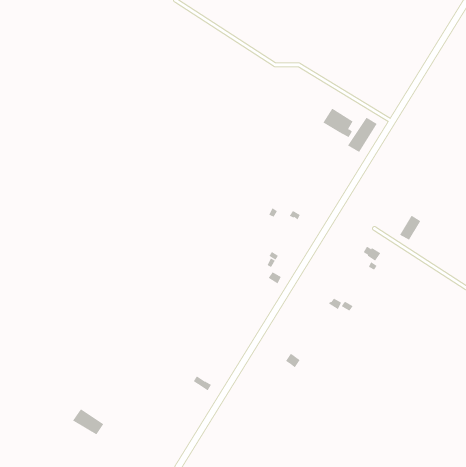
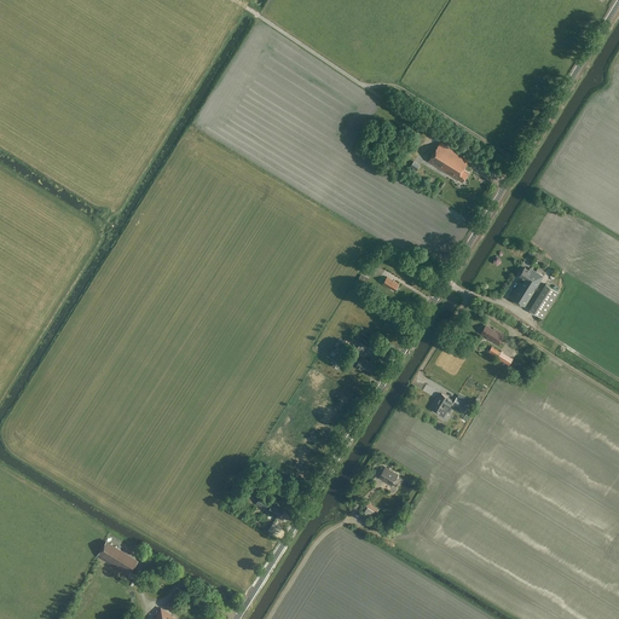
building: [347,117,377,153] -> none
building: none -> [509,267,543,307]

